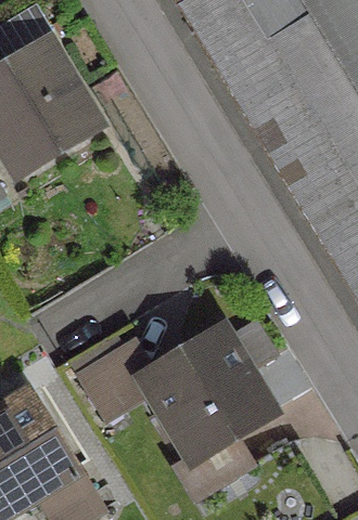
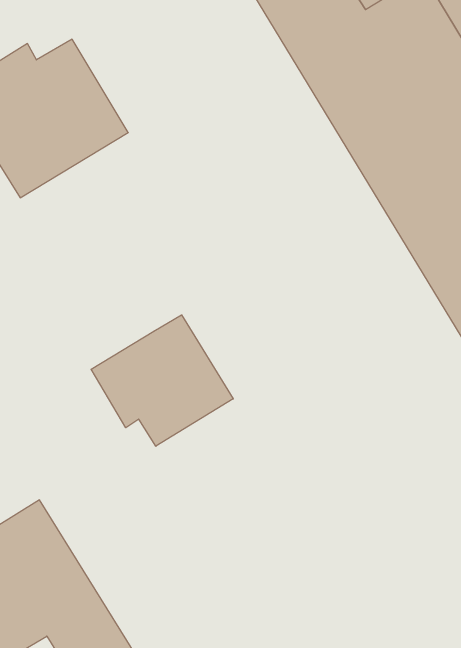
building: none -> [91,315,233,446]
building: [143,324,271,491] -> none

